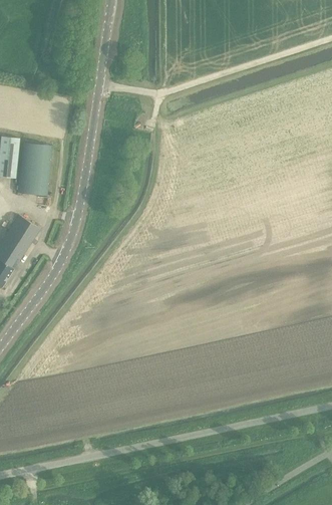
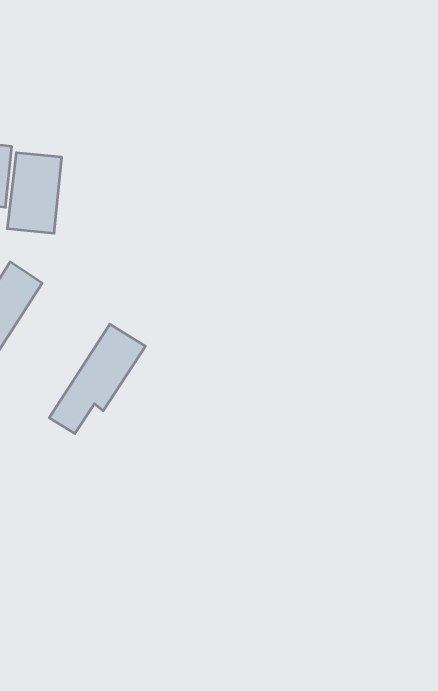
building: none -> [49,324,145,434]

